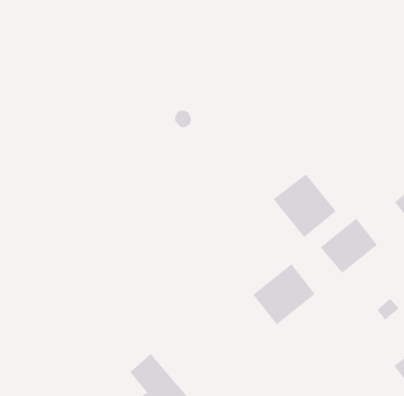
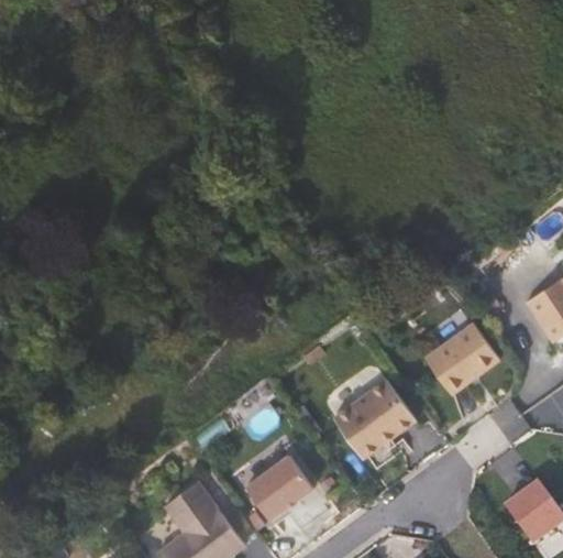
building: [273,173,337,238] -> none
building: none -> [246,453,313,518]

